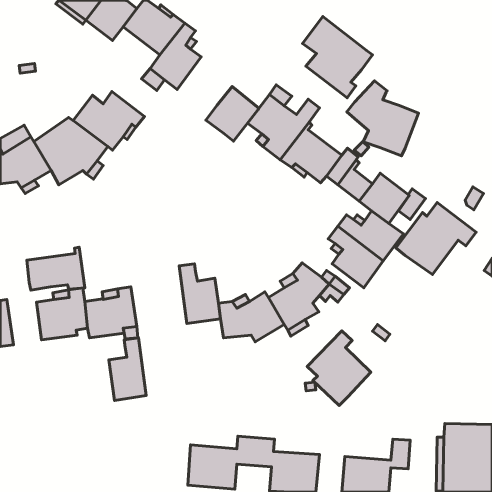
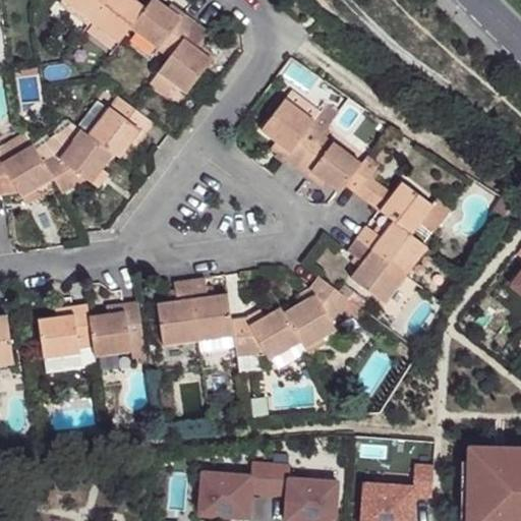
building: [302,16,373,98] -> none
building: [347,81,419,156] -> none
building: [206,87,259,141] -> none
building: [396,203,476,275] -> none
building: [27,247,85,290] -> none
building: [307,331,371,405] -> none
building: [109,338,146,400] -> [158,281,197,347]

